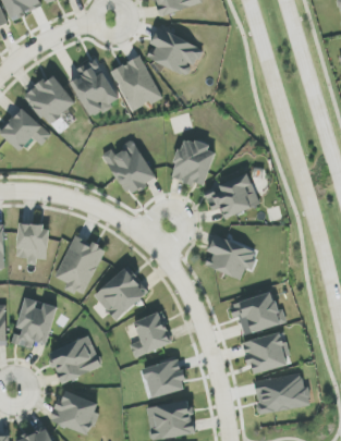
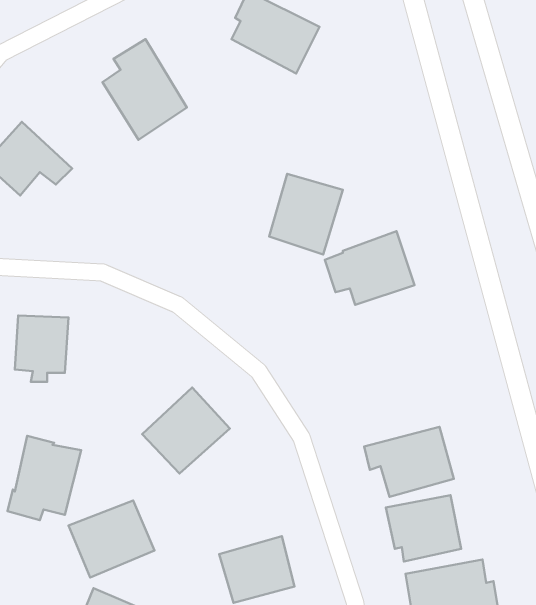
building: [111,54,161,111] -> none
building: [25,73,75,124] -> none
building: [102,139,157,195] -> none
building: [54,234,105,295] -> none
building: [206,234,257,278] -> none
building: [130,311,170,355] -> none

